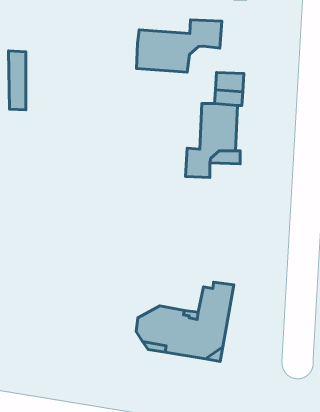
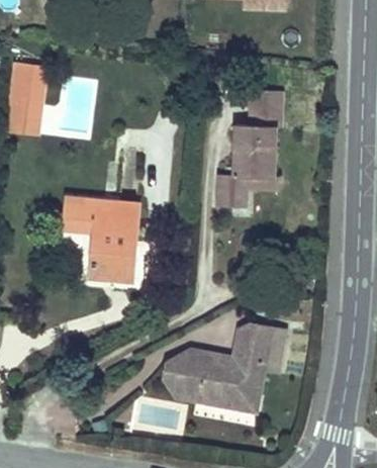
building: [137,20,222,72] -> none
building: none -> [64,198,137,280]

